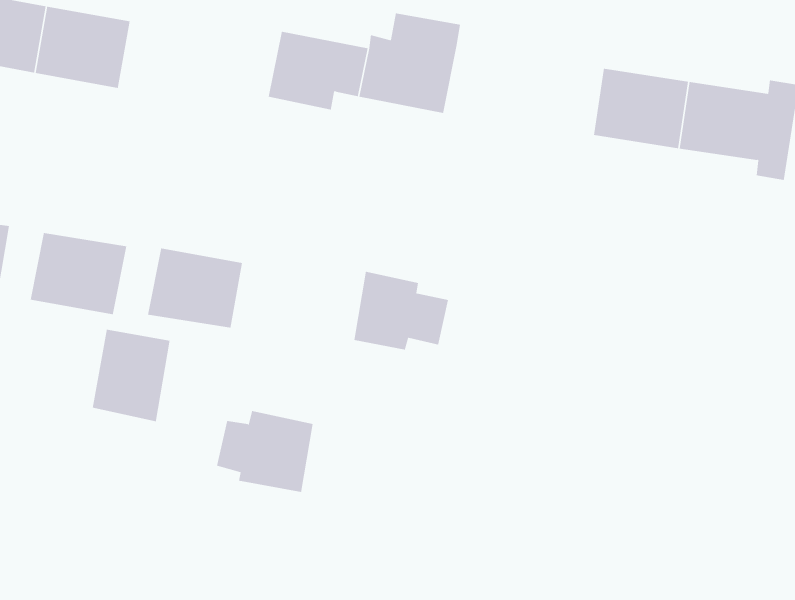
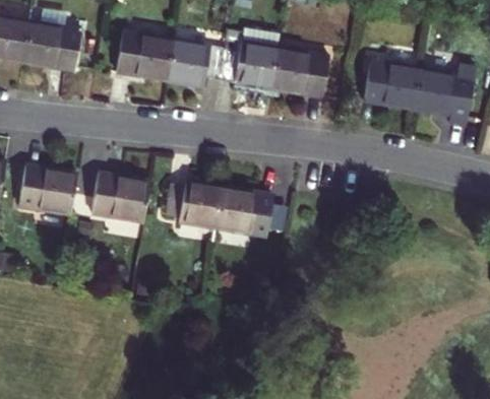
building: none -> [111,29,172,80]
building: none -> [270,49,327,101]
building: [92,329,170,422] -> none
building: [216,410,314,493] -> [164,178,223,227]

